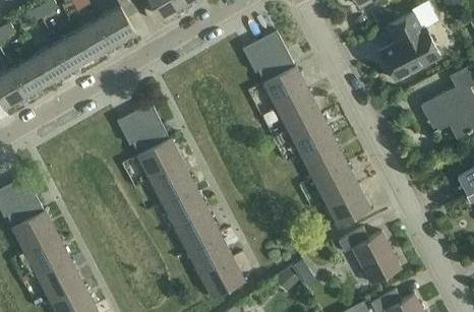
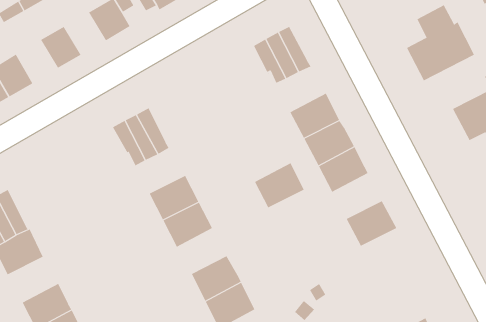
building: [75,19,112,57] -> none
building: [33,44,69,82] -> none
building: [262,66,308,108] -> none
building: [137,139,183,180] -> none
building: [313,162,358,202] -> [254,162,305,208]
building: [175,210,220,251] -> none
building: [339,229,401,285] -> none
building: [24,236,70,276] -> none

